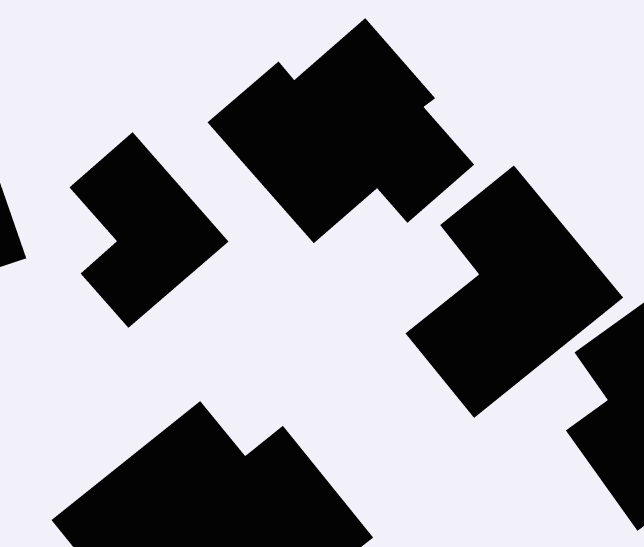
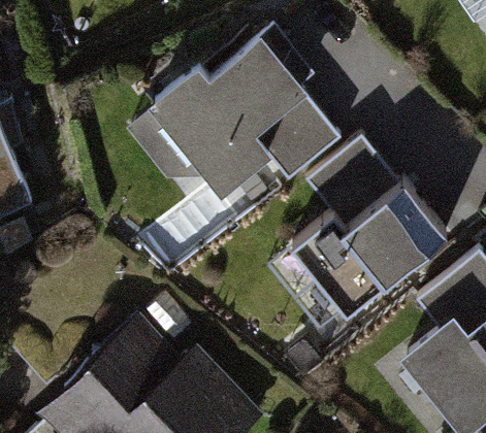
building: [68,131,230,329] -> none

